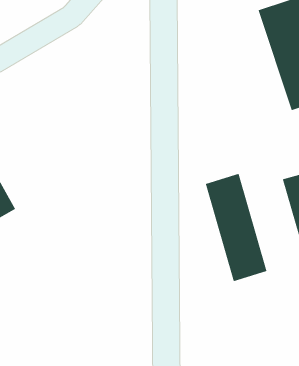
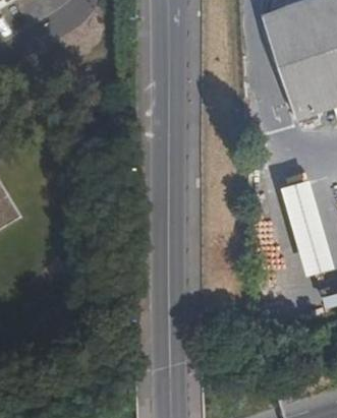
building: [205,173,267,282] -> none

